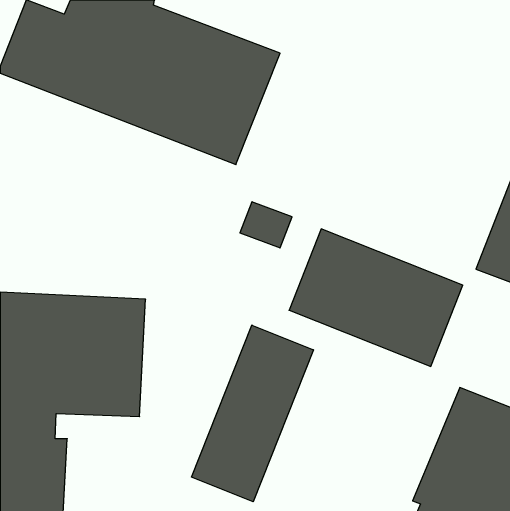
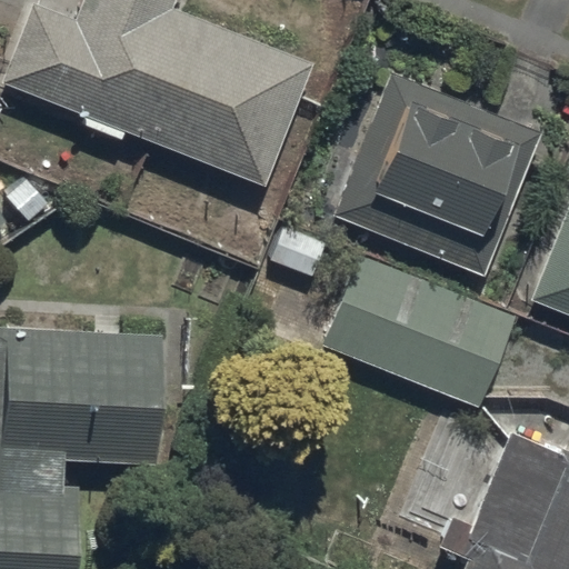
building: none -> [335,73,541,276]
building: [192,325,313,502] -> none

